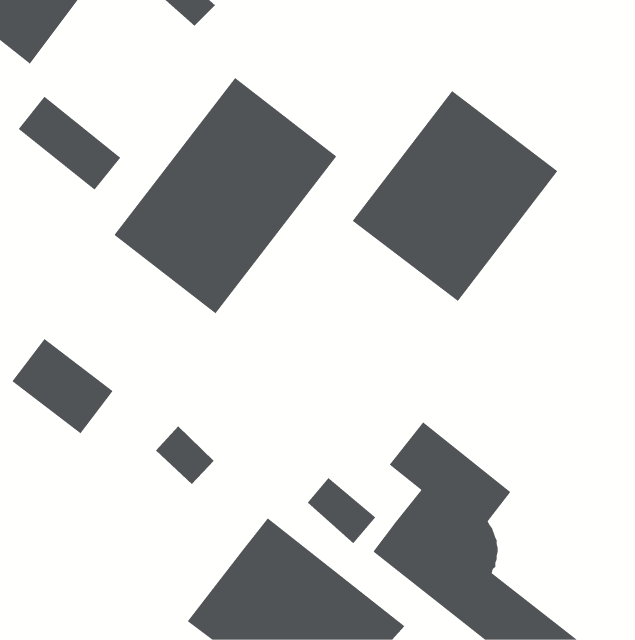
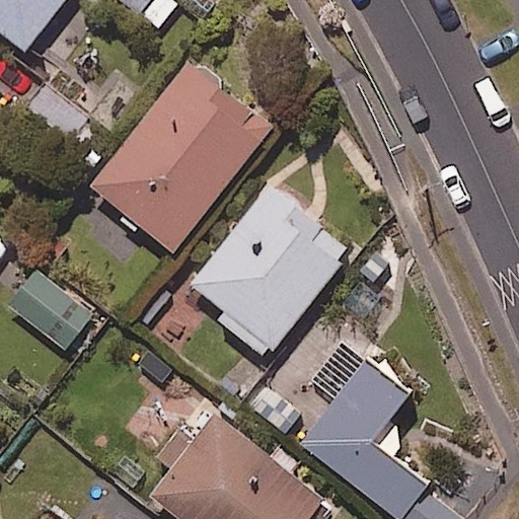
building: [352,90,558,302] -> none
building: none -> [190,186,350,360]

